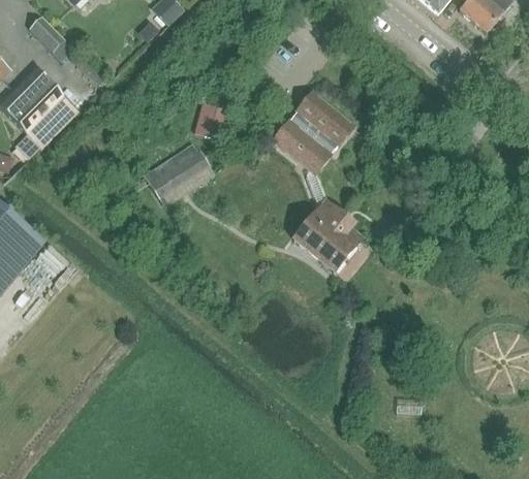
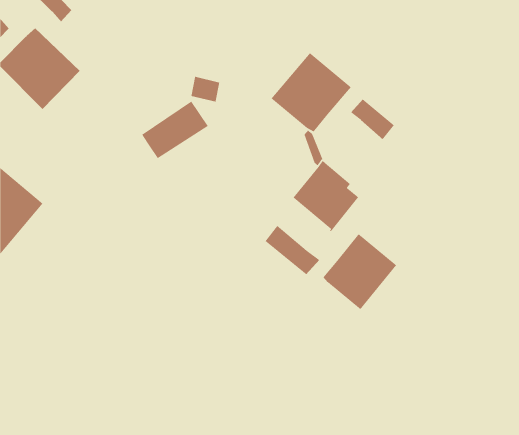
building: none -> [350,99,395,140]
building: none -> [264,225,320,275]
building: none -> [323,233,397,310]

